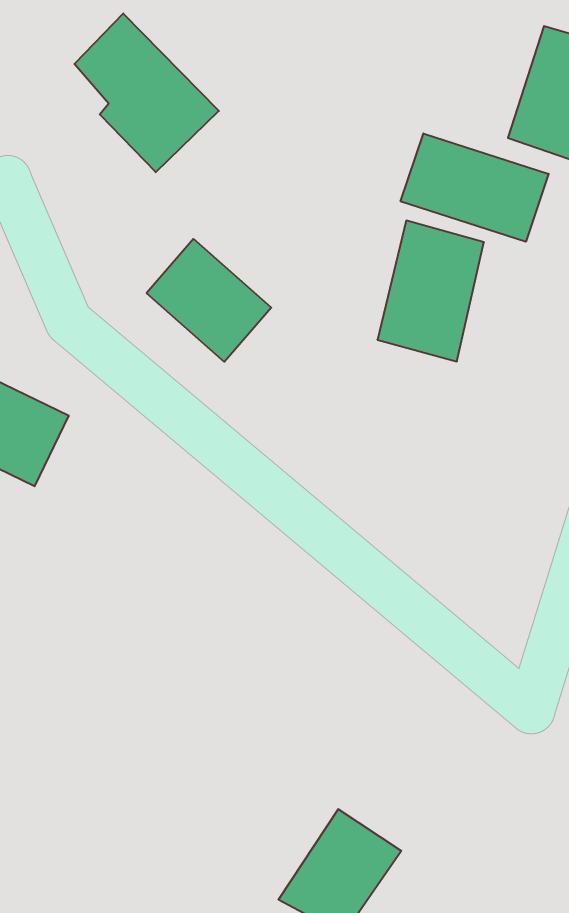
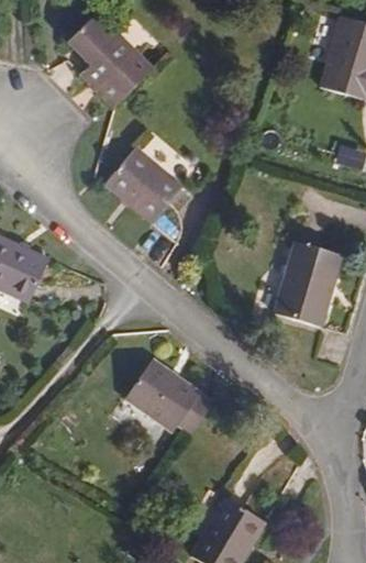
building: [401,133,549,242] -> none
building: [377,221,484,361] -> [276,243,341,329]
building: none -> [121,354,213,431]

